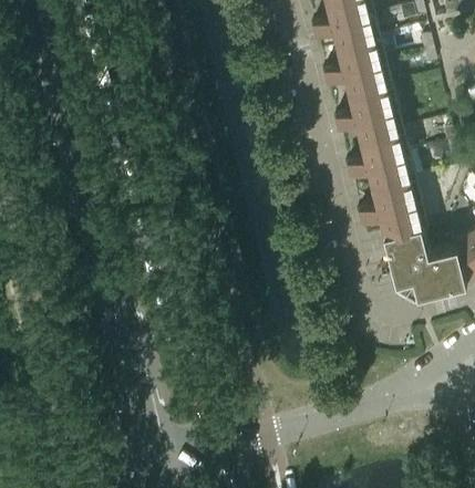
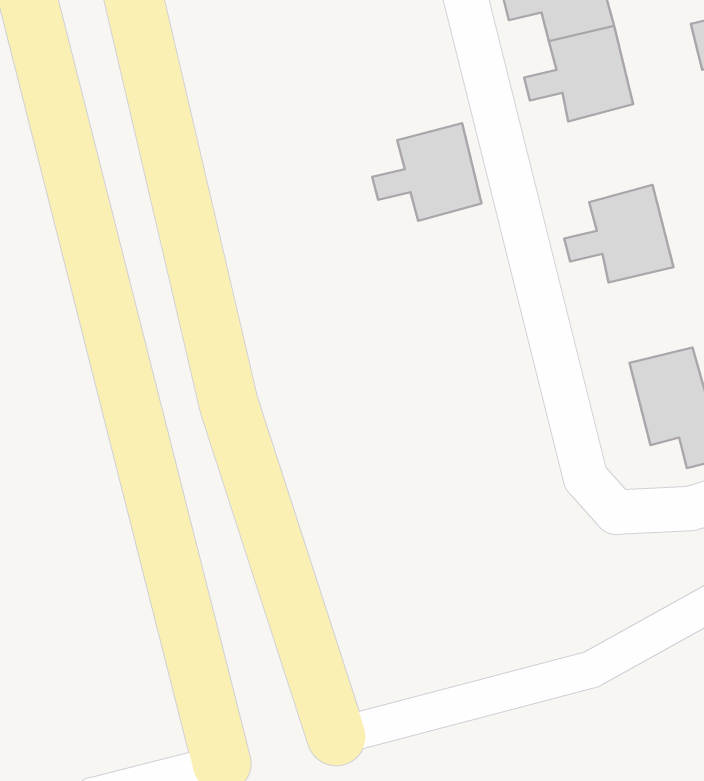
building: [333,89,396,145] -> [372,123,481,221]
building: [357,183,420,238] -> none

